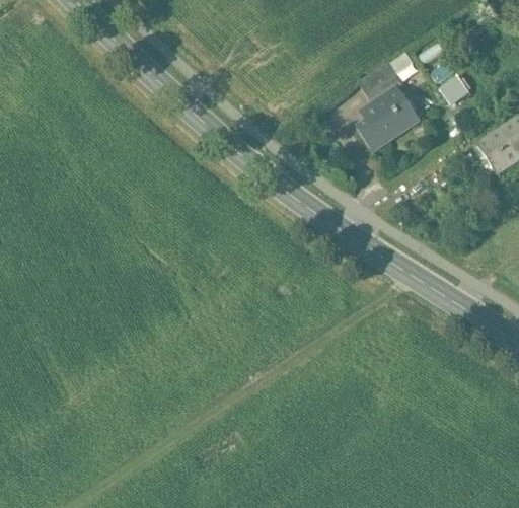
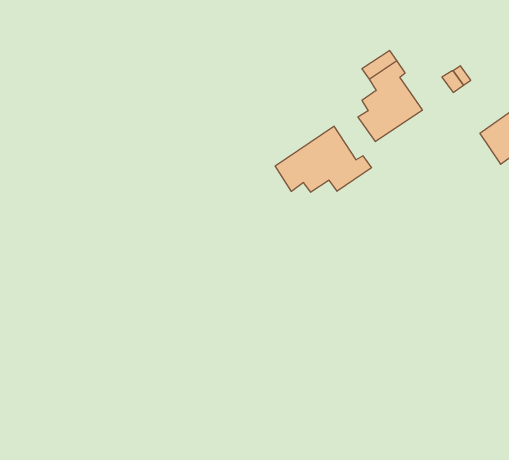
building: none -> [275,126,371,192]

